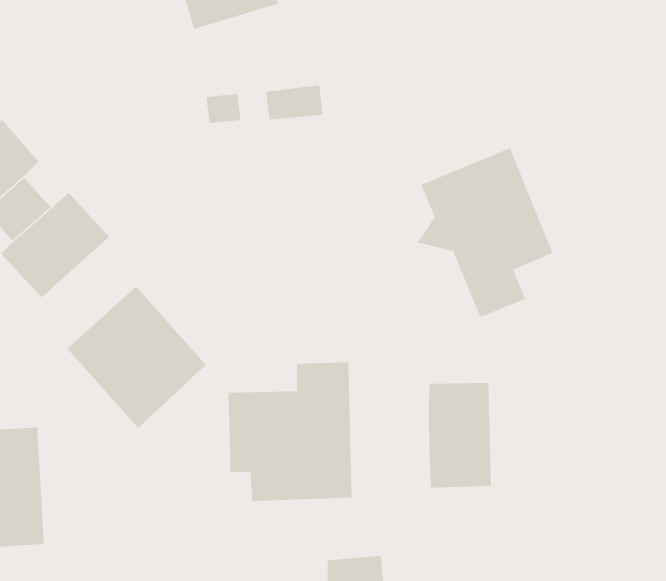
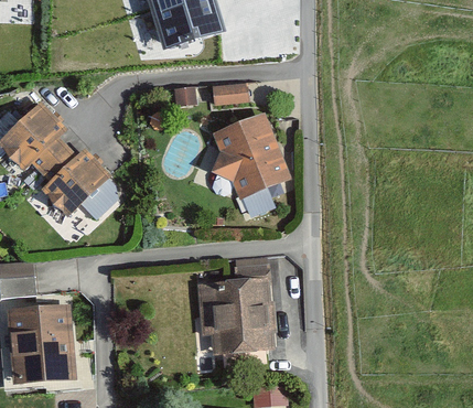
building: [417,147,553,318] -> [203,110,291,221]
building: [67,286,207,429] -> none
building: [428,382,492,489] -> none

